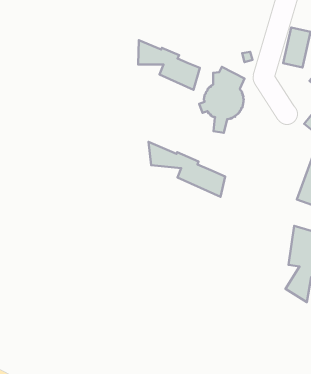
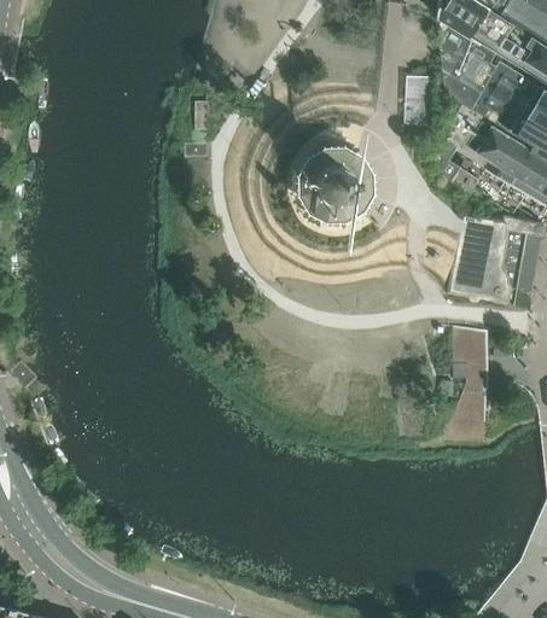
building: [138,40,200,90] -> none
building: [149,142,225,197] -> none

